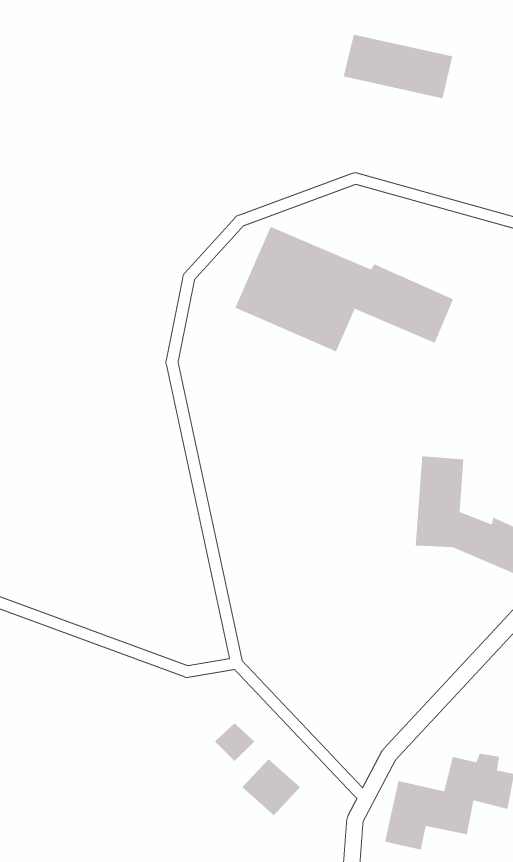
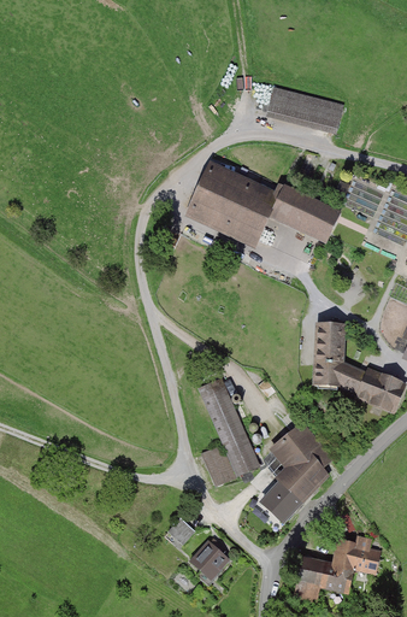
building: [343,34,453,99] -> [265,88,343,134]
building: none -> [200,383,259,486]
building: none -> [261,423,331,521]

